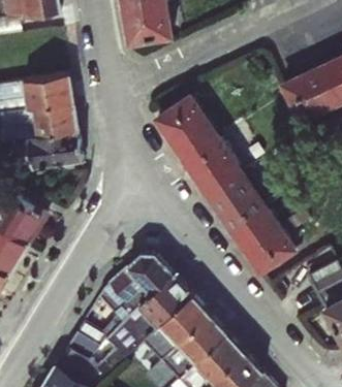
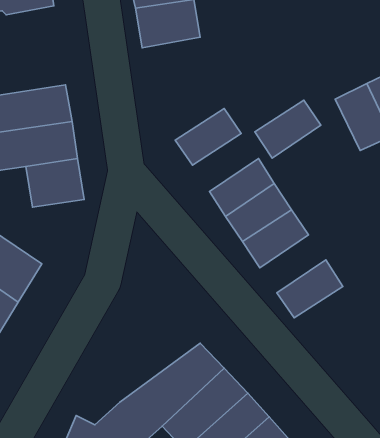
building: [166,112,218,158] -> [255,100,321,158]
building: [219,192,271,237] -> none
building: [246,232,298,278] -> none
building: [97,255,173,323] -> none

